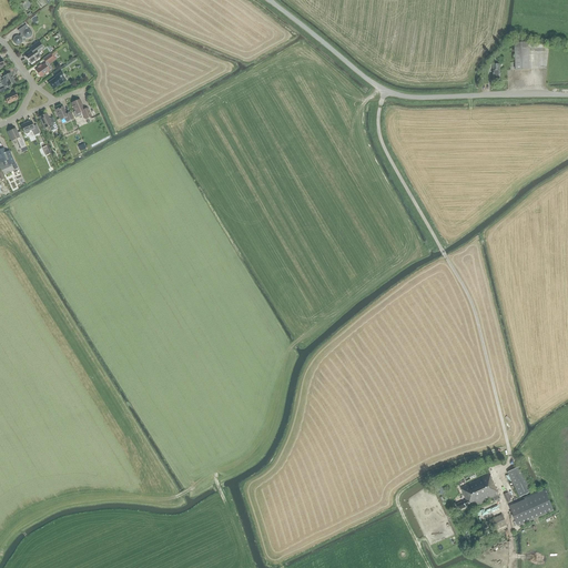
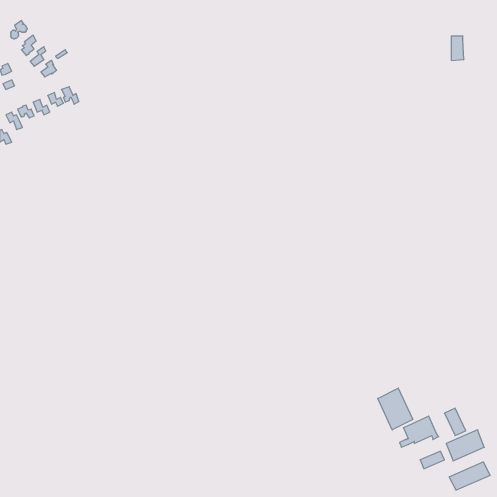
building: none -> [378,388,413,430]
building: none -> [449,462,490,490]

